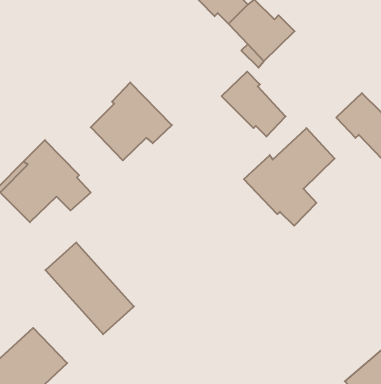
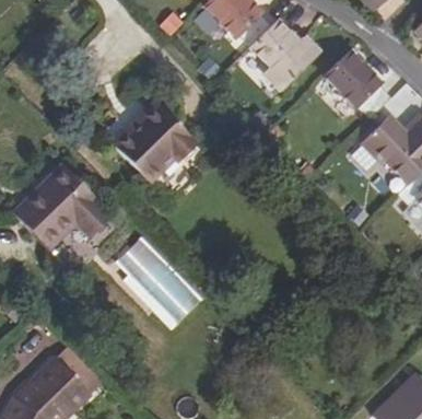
building: [222,72,286,137] -> [325,50,390,117]
building: [244,128,335,226] -> none
building: [45,242,134,334] -> [112,234,202,328]

